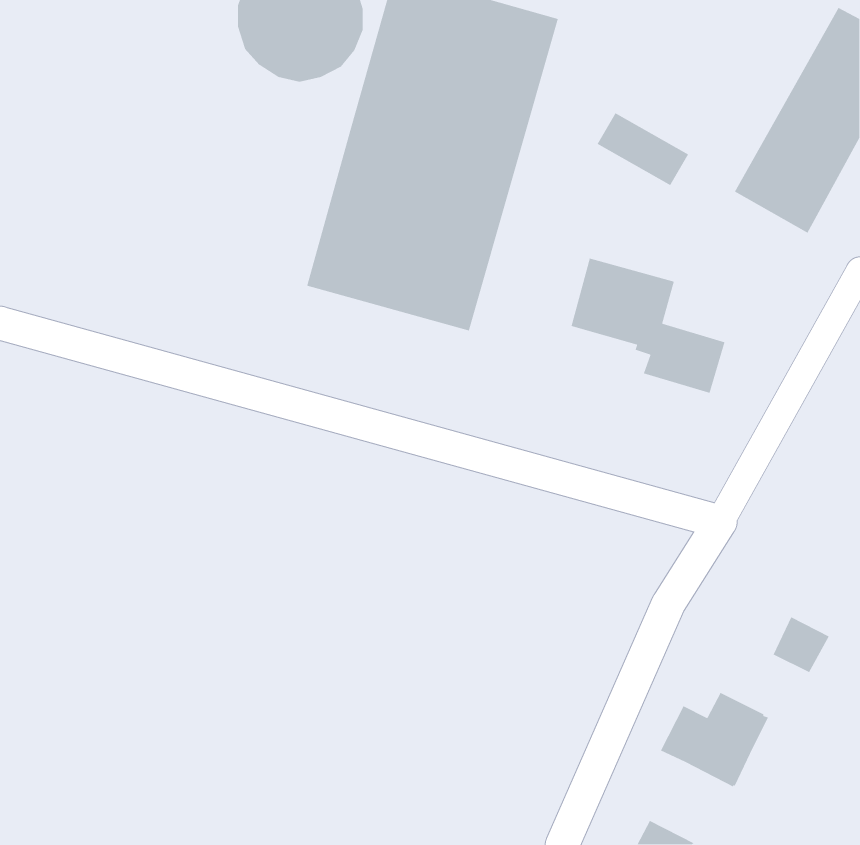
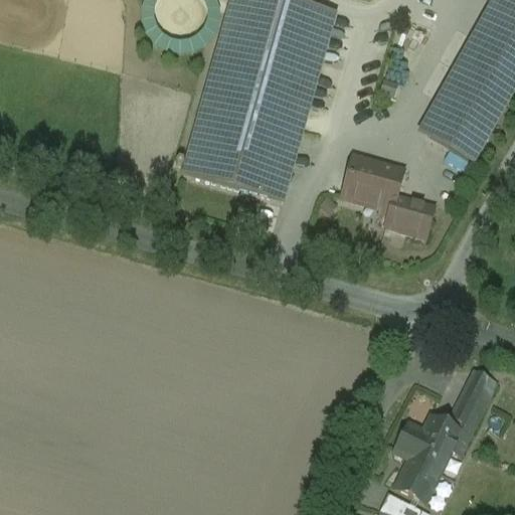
building: [597,112,689,186] -> [427,115,483,159]
building: none -> [451,391,484,452]
building: none -> [395,456,439,500]

